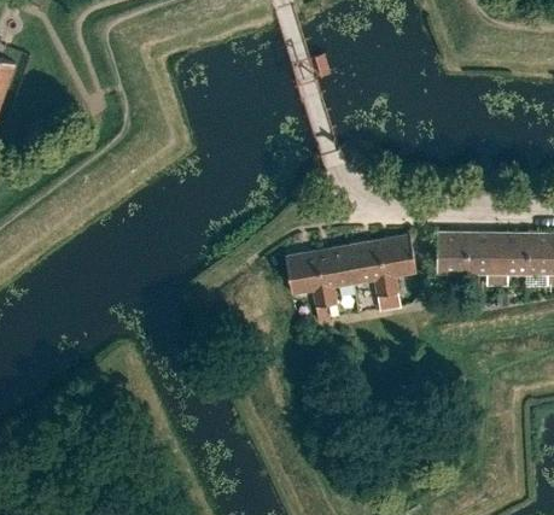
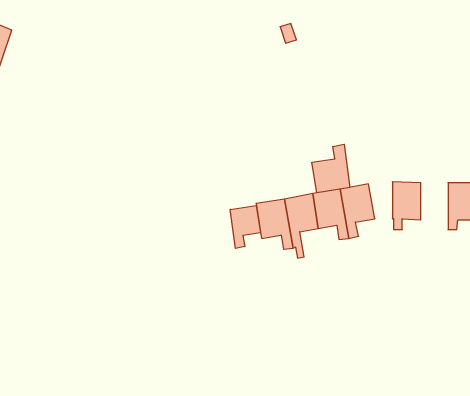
building: none -> [312,144,350,193]
building: [468,233,498,285] -> none
building: none -> [230,205,261,248]

